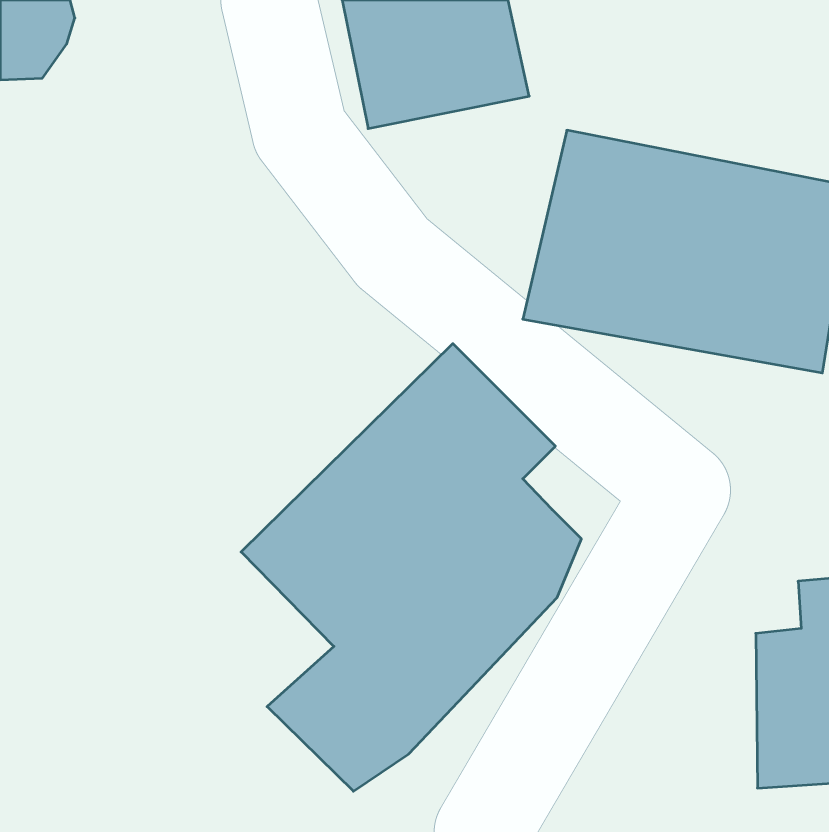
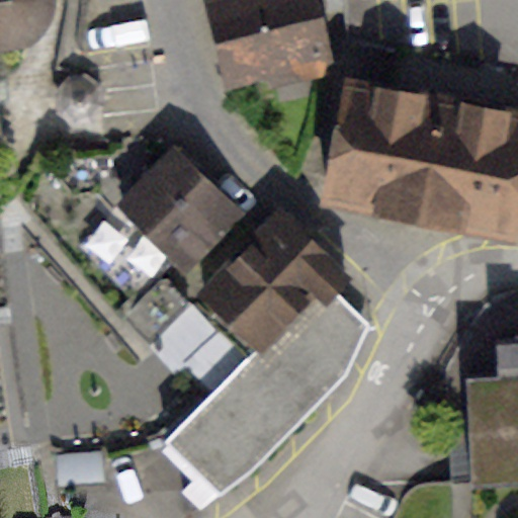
building: none -> [108,151,241,273]

